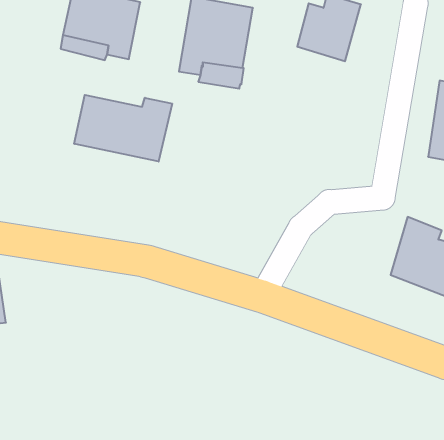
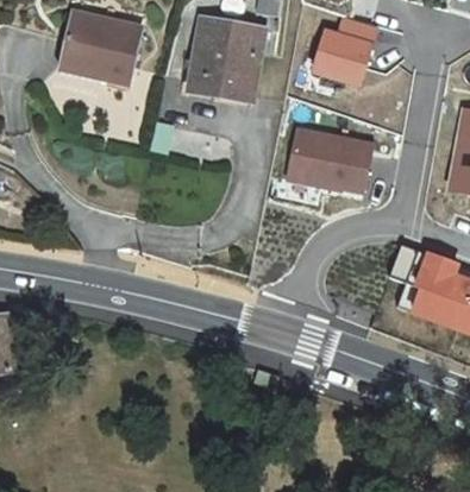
building: [74,95,172,162] -> none
building: none -> [286,127,374,197]

